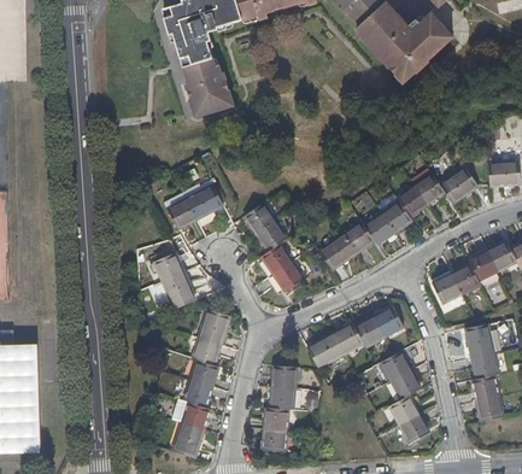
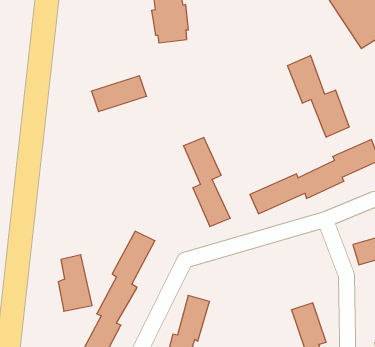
building: none -> [287,55,349,137]
building: [166,183,223,227] -> [91,76,147,112]
building: [157,251,197,311] -> [58,255,92,311]
building: [306,308,403,367] -> none

